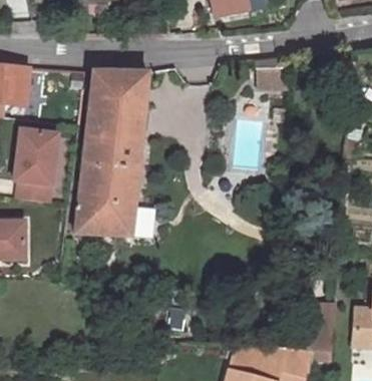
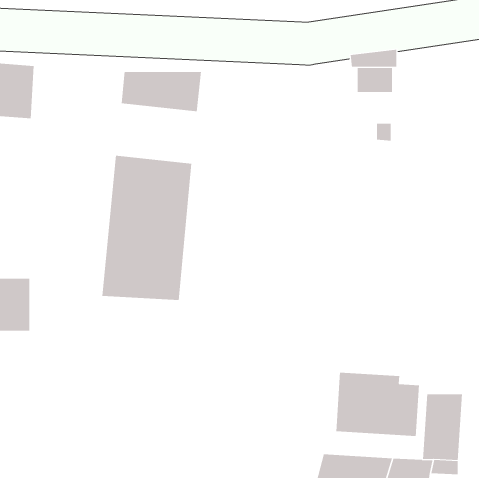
building: [85,95,144,138] -> none
building: [20,128,63,203] -> none
building: none -> [336,372,419,437]

